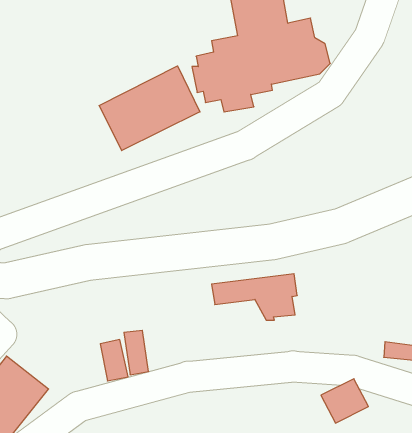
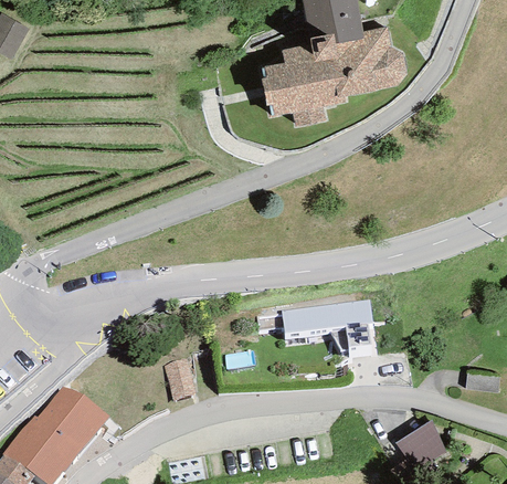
building: [99,66,200,151] -> none

